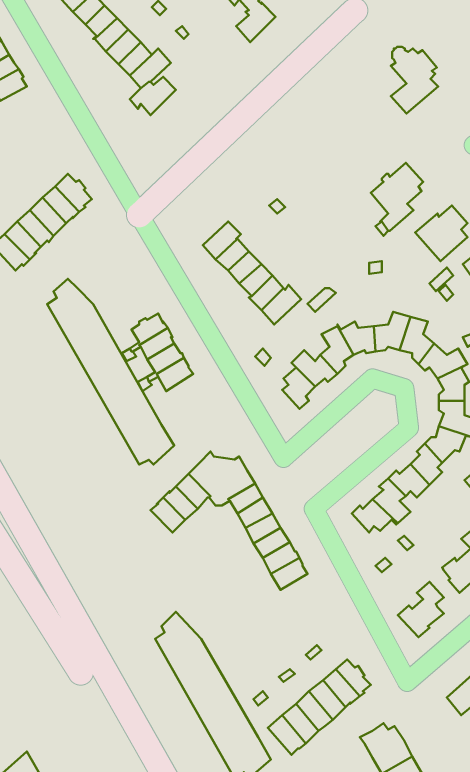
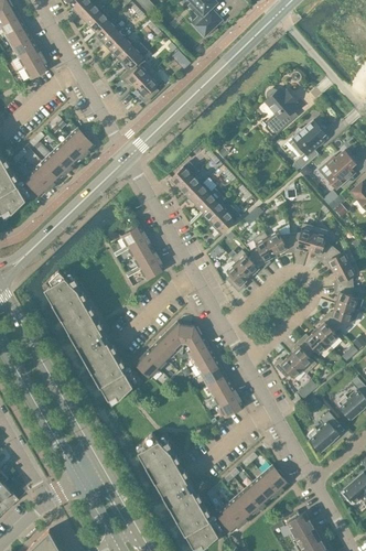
building: [391,47,438,114] -> [265,88,298,134]
building: none -> [134,71,161,104]
building: [47,279,174,465] -> [44,271,132,400]

